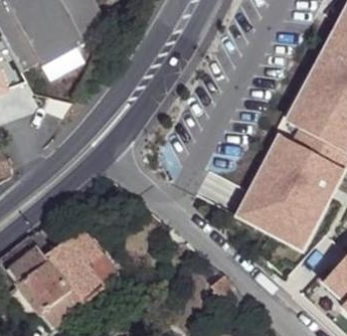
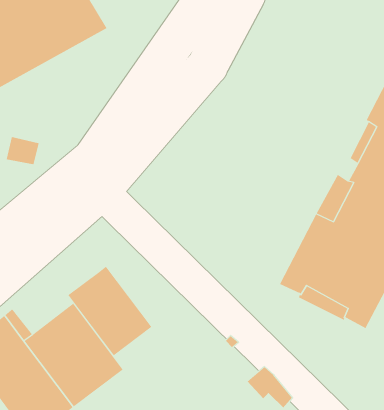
building: none -> [67,266,152,356]

